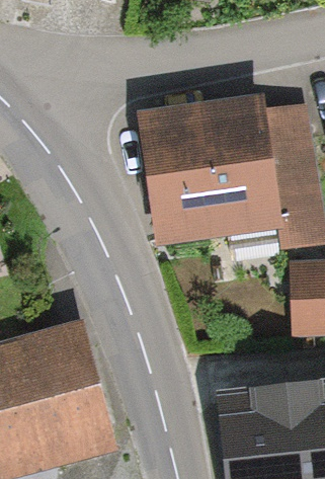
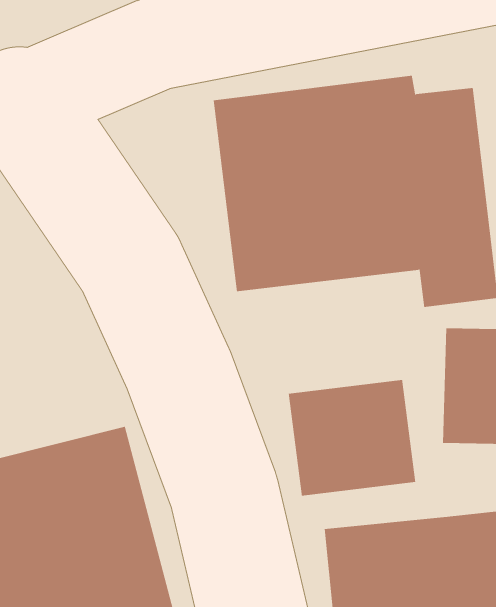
building: none -> [288,379,416,496]

